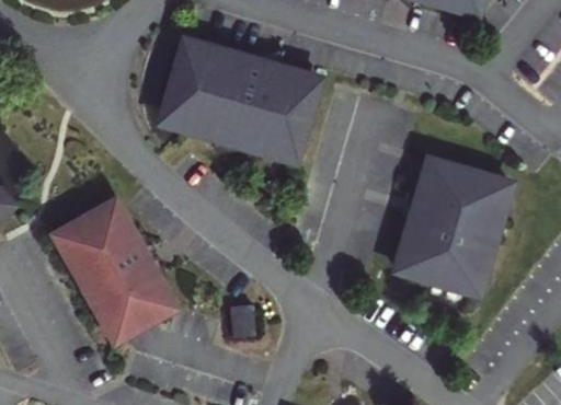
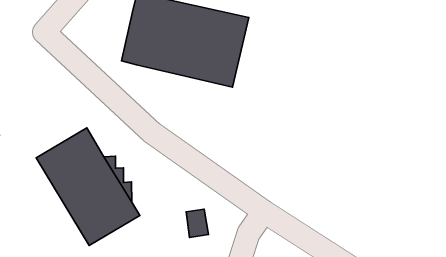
building: [396,158,510,292] -> none

